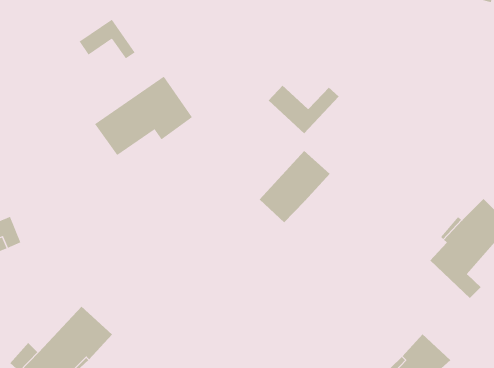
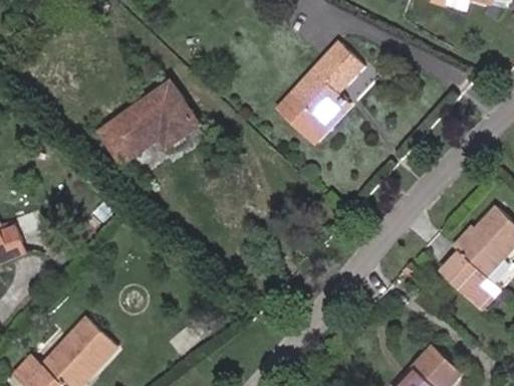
building: [79,19,136,59] -> none
building: [259,150,331,223] -> [291,41,364,116]

